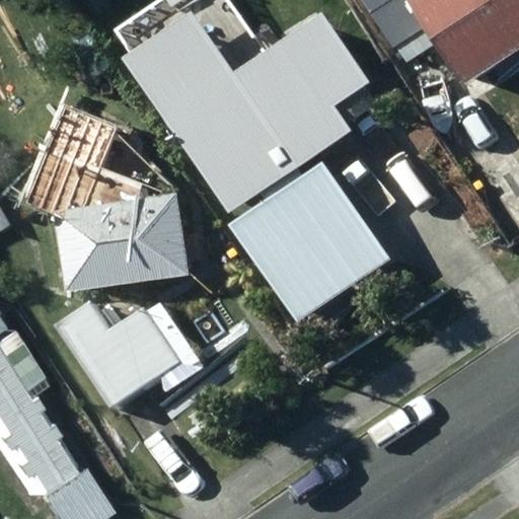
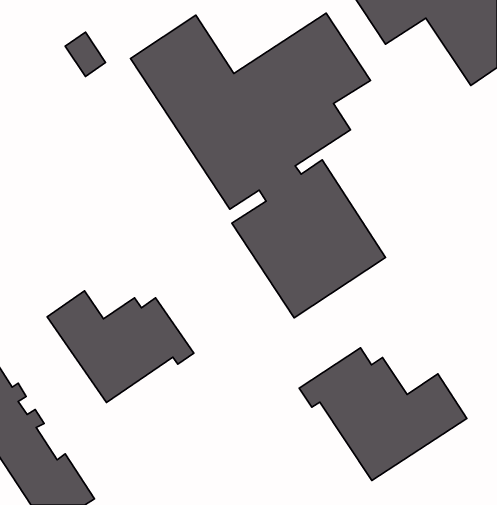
building: [32,105,190,291] -> none
building: none -> [299,348,467,481]

